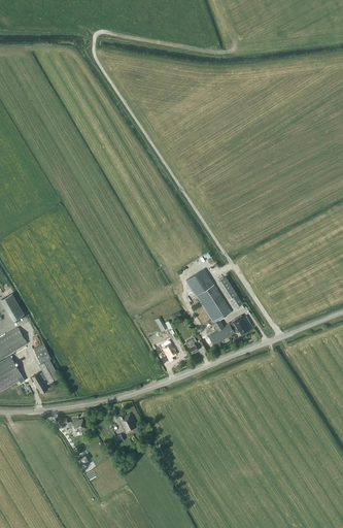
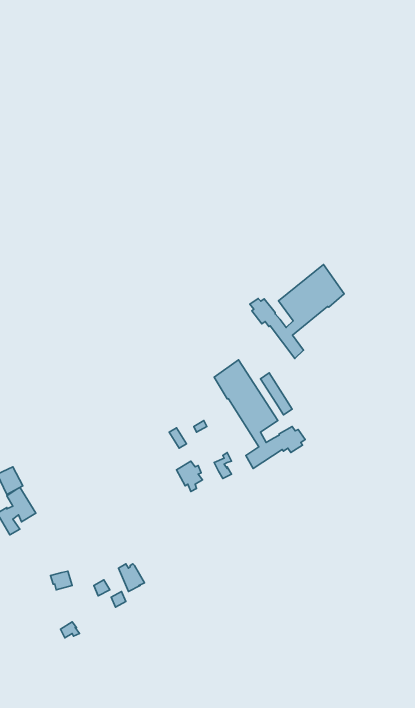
building: none -> [250,265,344,359]

